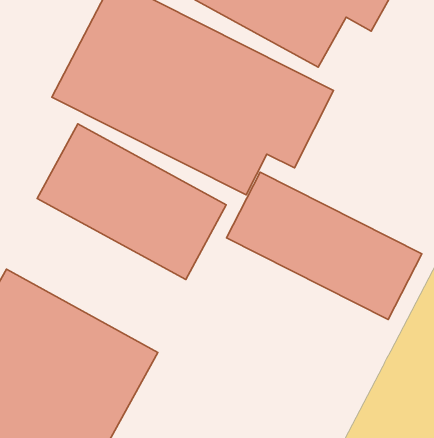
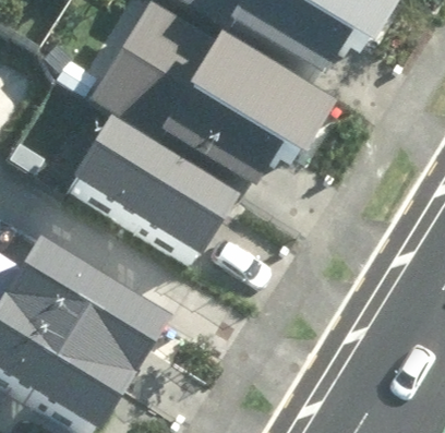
building: [226,172,422,320] -> none

